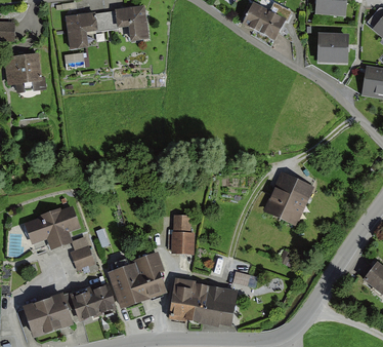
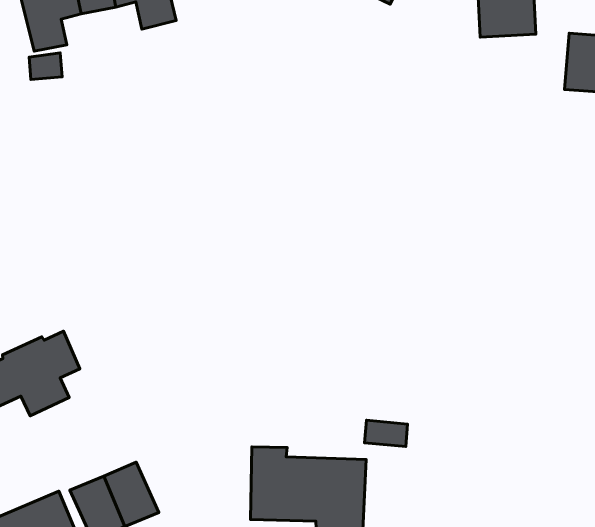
building: [263,171,313,225] -> none
building: [170,215,195,255] -> none
building: [70,244,95,270] -> none
building: [109,253,169,307] -> none

